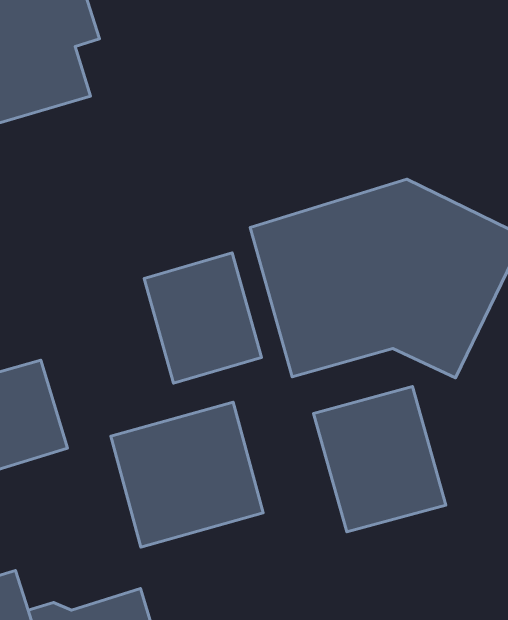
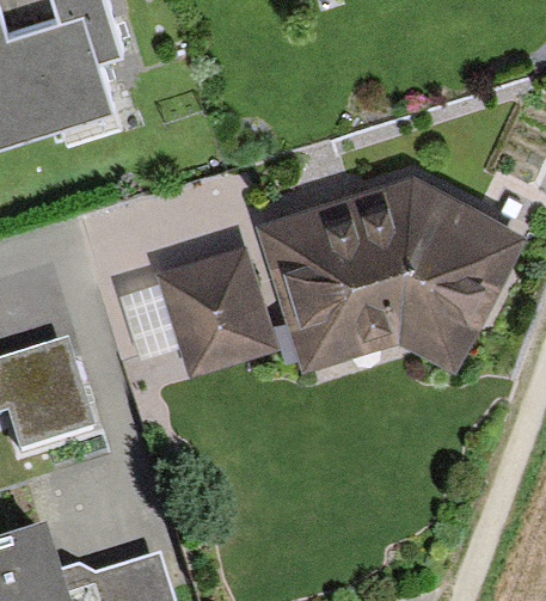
building: [314,387,446,532] -> none
building: [111,402,263,547] -> none

